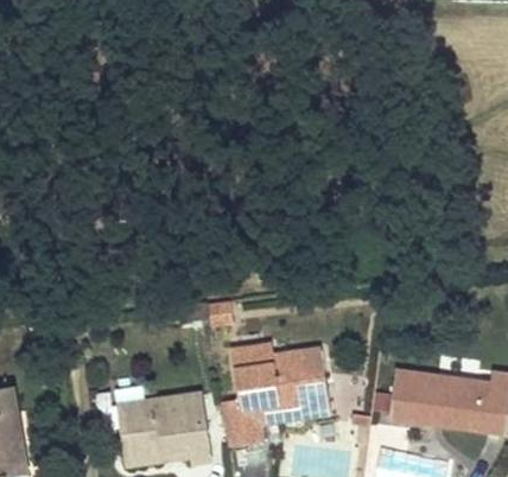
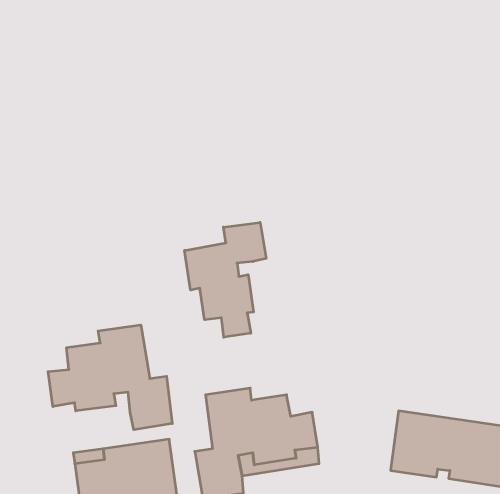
building: none -> [185,222,266,337]
building: none -> [48,325,172,430]

